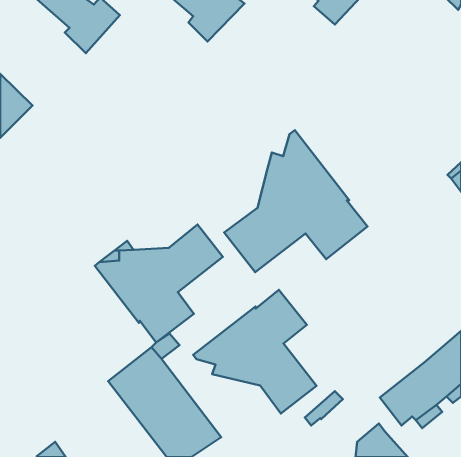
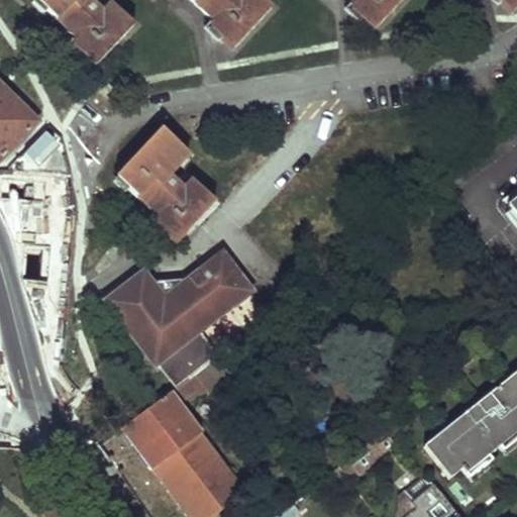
building: none -> [116,128,215,242]
building: [224,130,368,272] -> none
building: [193,290,316,413] -> none

